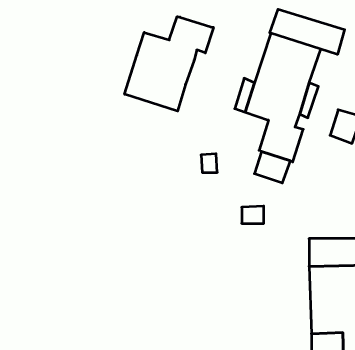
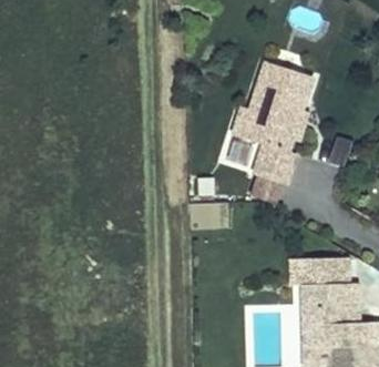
building: [270,9,345,54] -> none
building: [125,17,213,111] -> none

